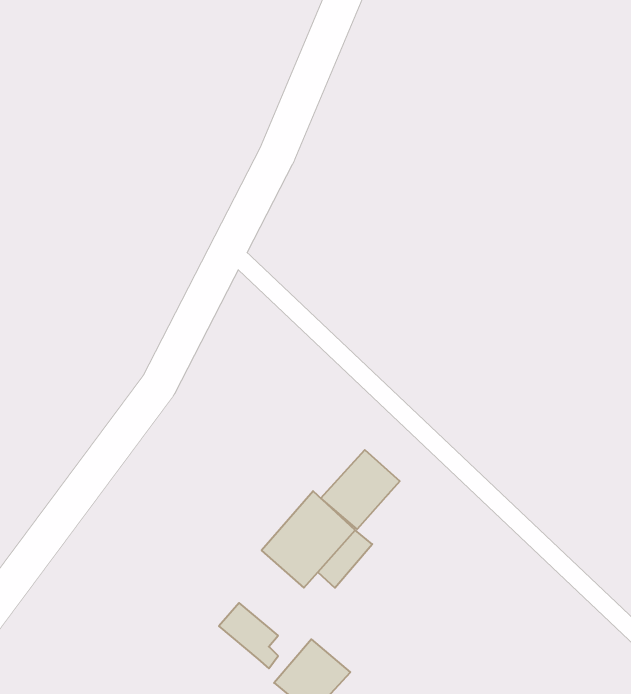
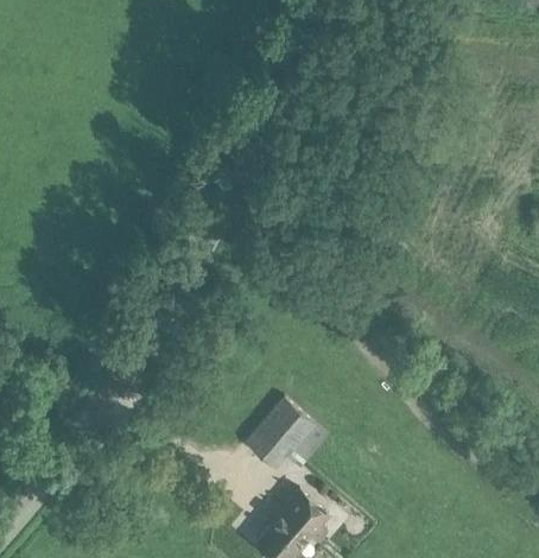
building: [321,450,400,529] -> none
building: [219,603,278,668] -> [284,492,329,541]

